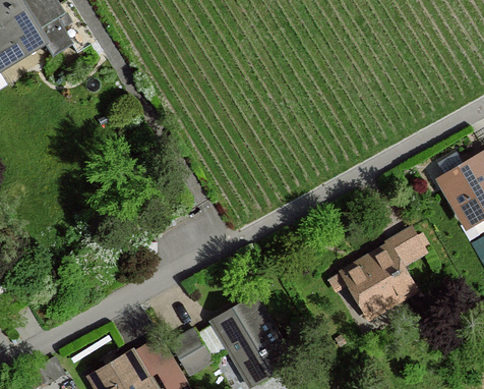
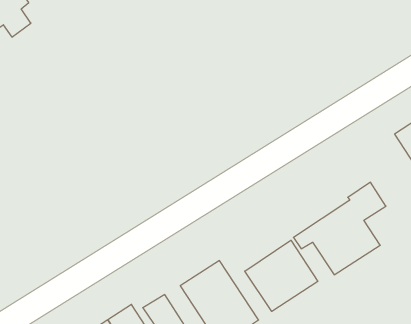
building: none -> [245,240,318,311]

